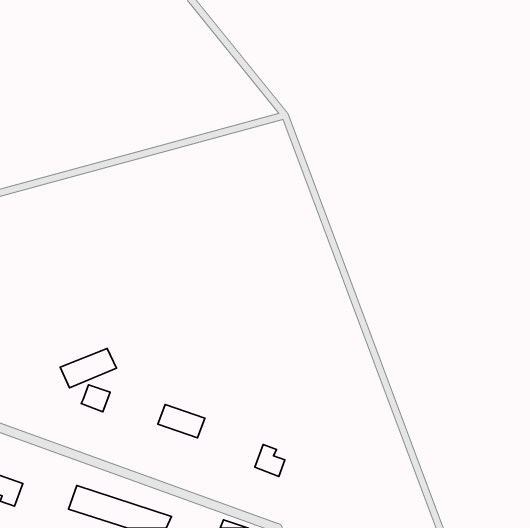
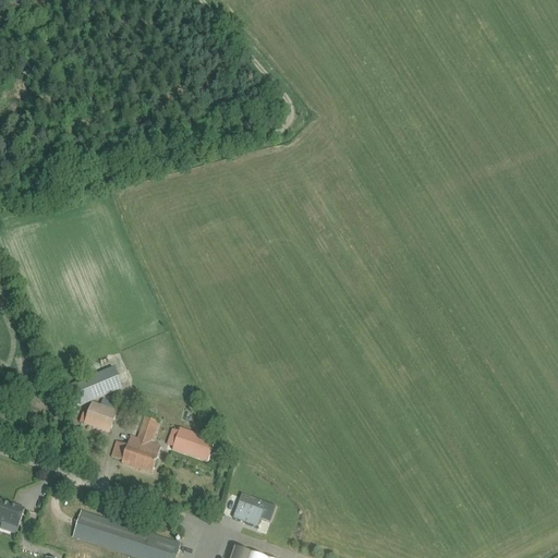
building: none -> [111,415,160,472]
building: [255,444,285,477] -> [232,493,264,526]

